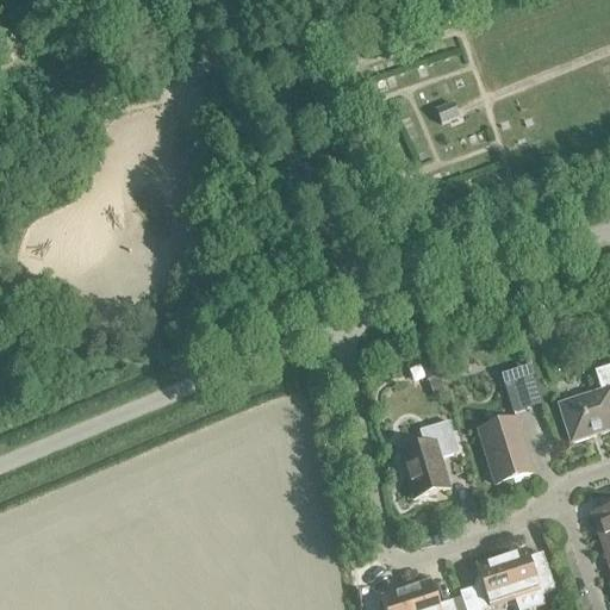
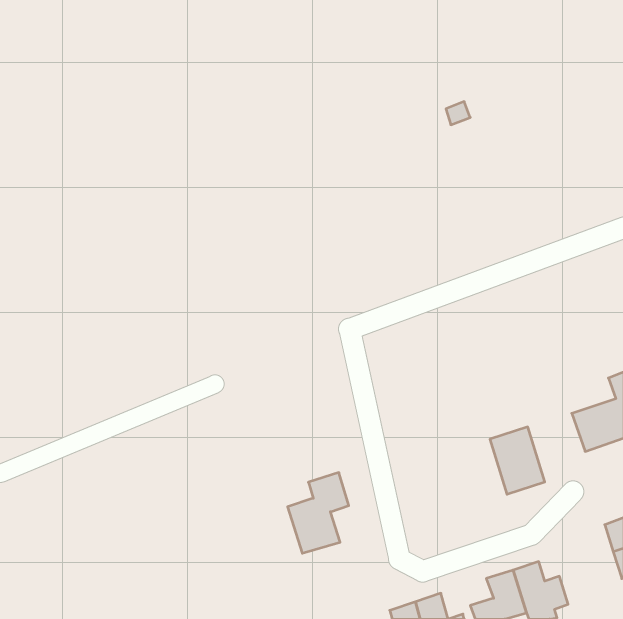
building: [504,372,542,410] -> none
building: [399,418,459,497] -> [288,473,349,553]

